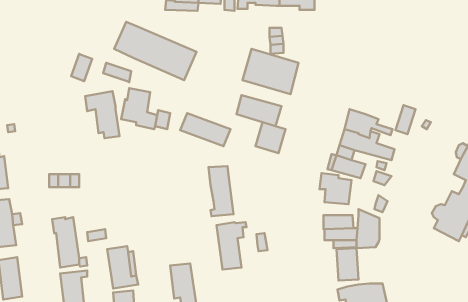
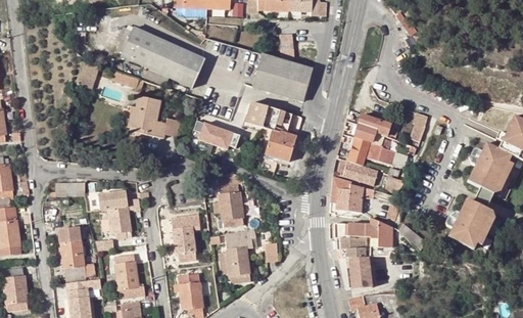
building: [85,91,119,138] -> [98,190,133,238]
building: none -> [172,218,197,260]

